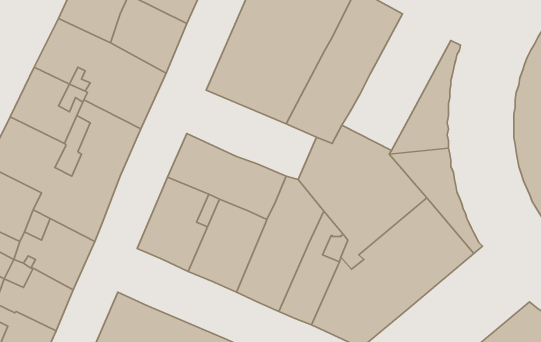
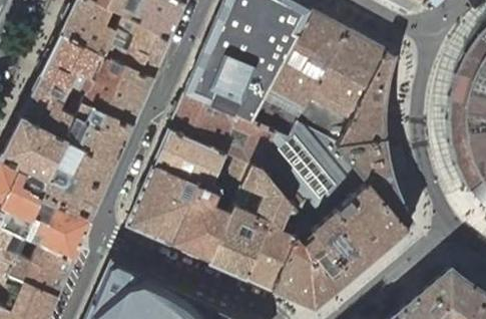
building: none -> [297,31,387,144]
building: none -> [168,94,276,169]

